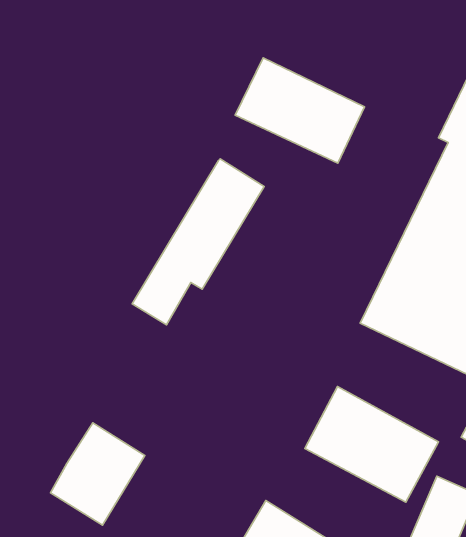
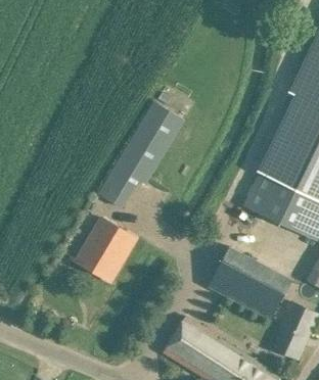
building: [235,58,365,163] -> none
building: [50,423,145,525] -> [76,217,135,281]

